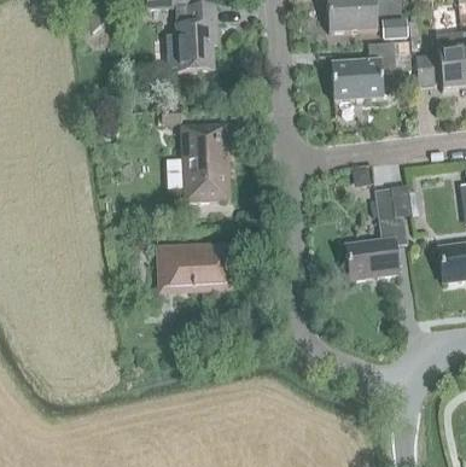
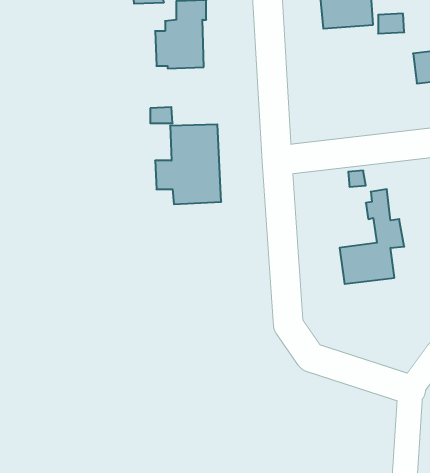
building: [332,41,396,100] -> none
building: [157,243,234,292] -> none

